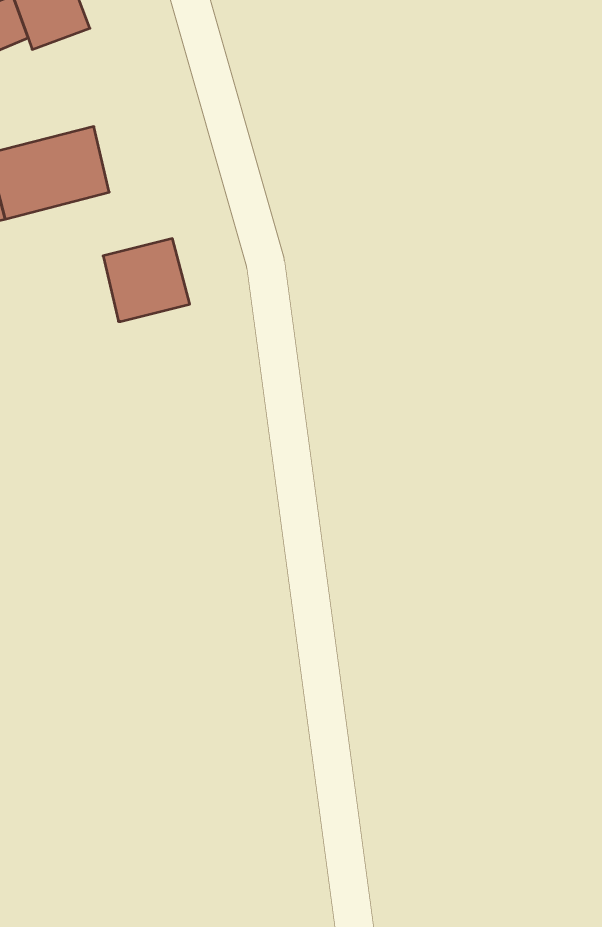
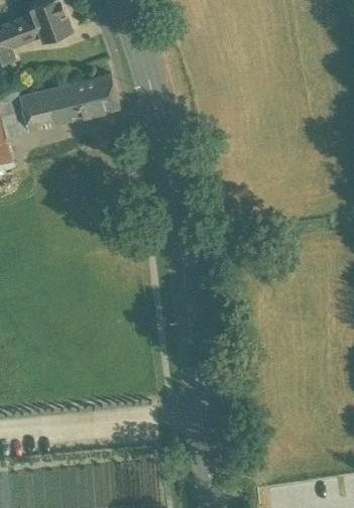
building: [103,239,190,321] -> [73,75,118,118]

